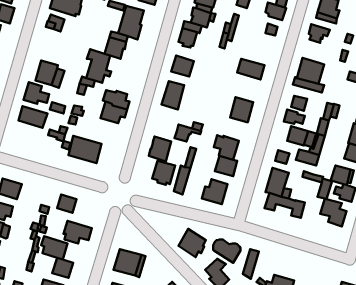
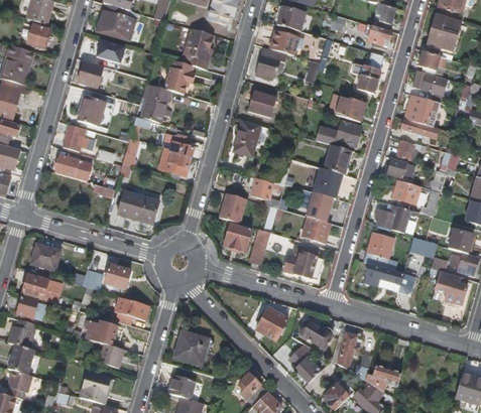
building: none -> [79,61,110,87]
building: none -> [353,61,379,90]
building: none -> [412,68,447,103]
building: none -> [317,120,360,146]
building: none -> [313,166,342,197]

